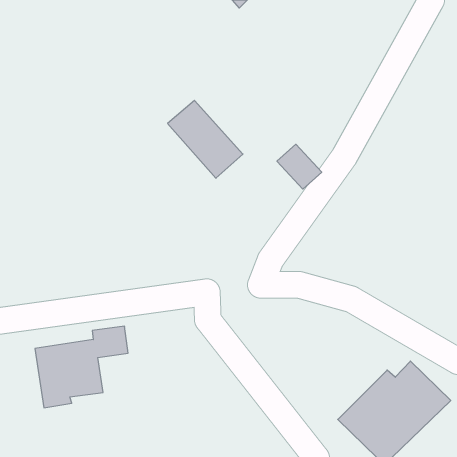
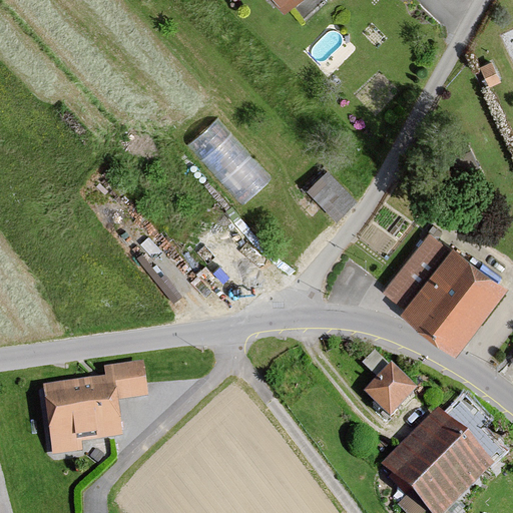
building: none -> [382,230,502,349]
building: none -> [361,367,415,421]

